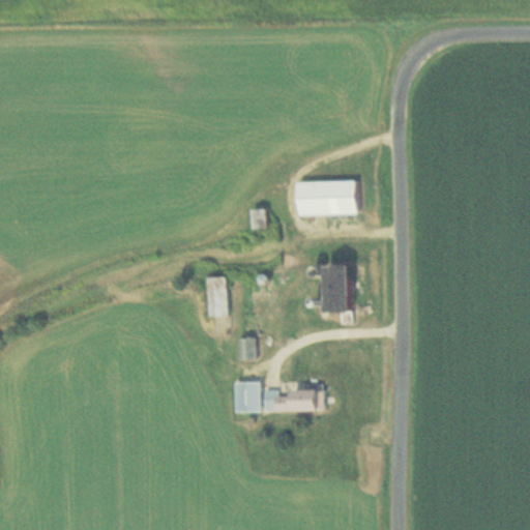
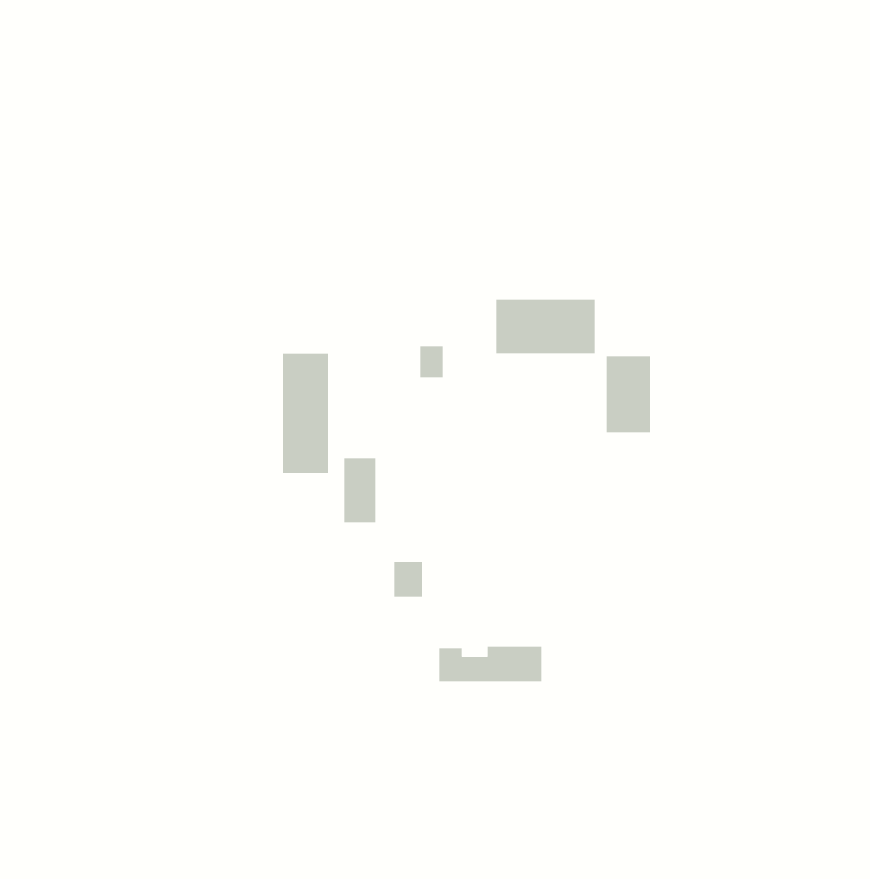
building: none -> [282,353,329,474]
building: [326,264,353,311] -> [606,356,651,433]
building: [232,382,260,412] -> none

